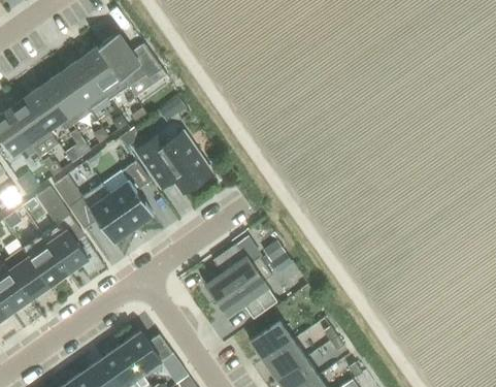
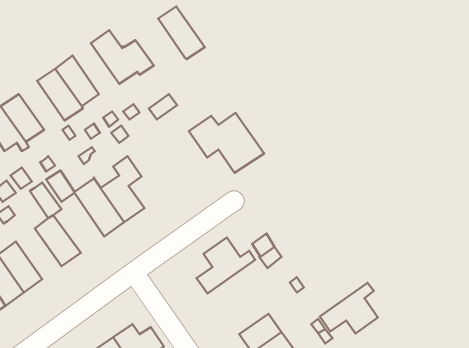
building: [80,47,128,101] -> [158,6,205,59]
building: [26,86,72,135] -> none
building: [136,133,212,194] -> [189,113,264,173]
building: [23,235,69,287] -> none
building: [218,267,276,319] -> [320,283,378,334]

